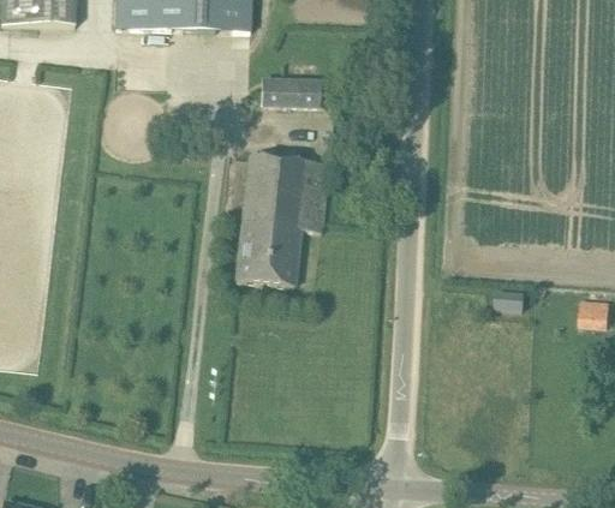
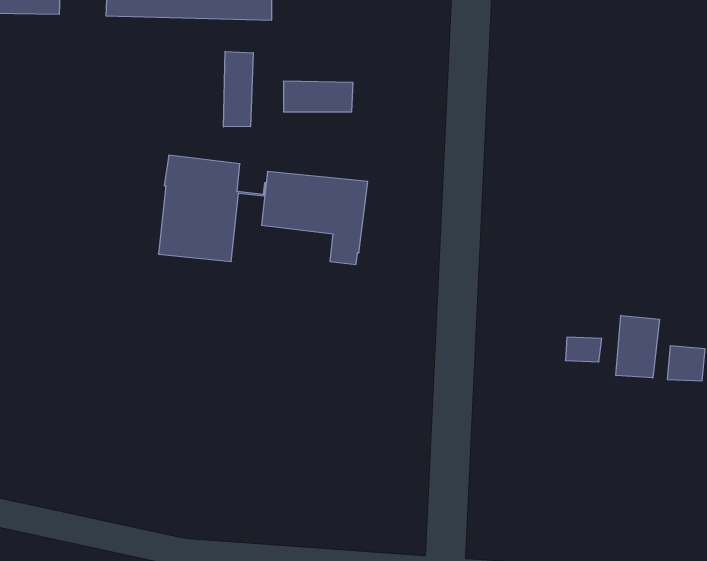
building: none -> [224,51,253,127]
building: [235,198,324,286] -> [158,155,266,261]
building: none -> [616,315,659,378]

